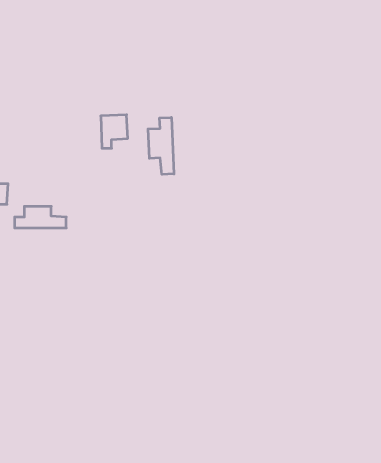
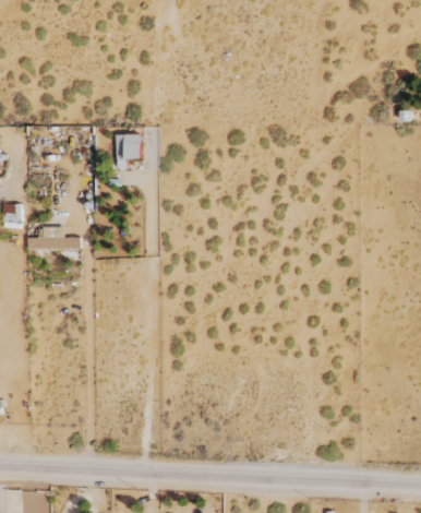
building: [148,117,174,174] -> none

